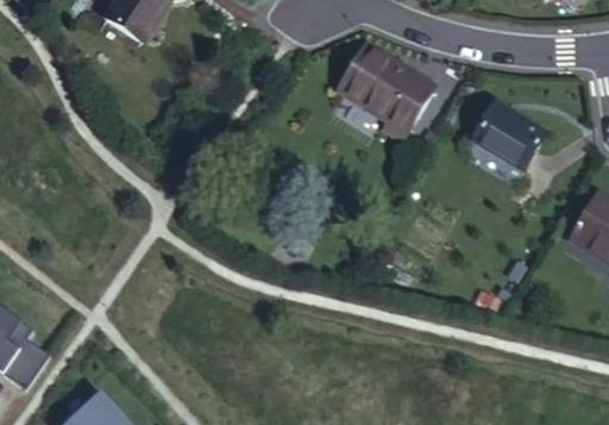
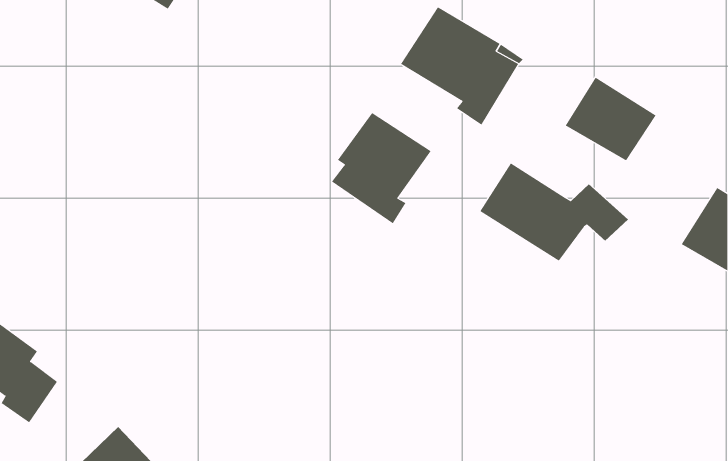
building: none -> [331,112,432,224]
building: none -> [479,163,629,261]

